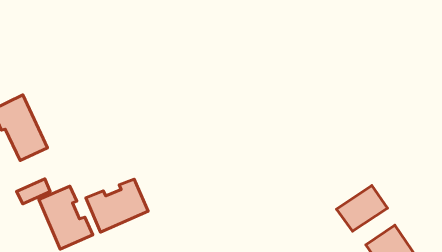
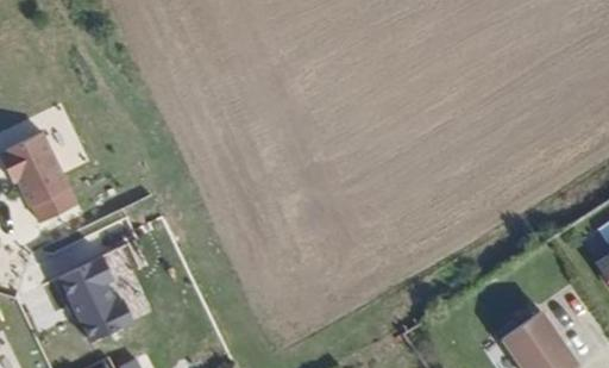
building: [86,179,148,232] -> none
building: [337,185,387,231] -> none

